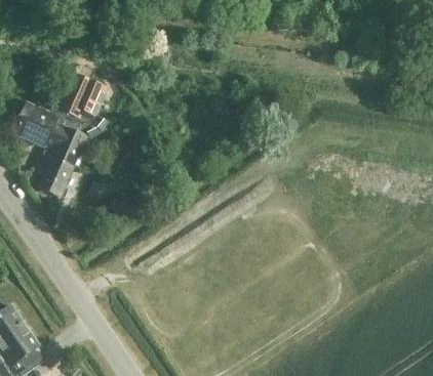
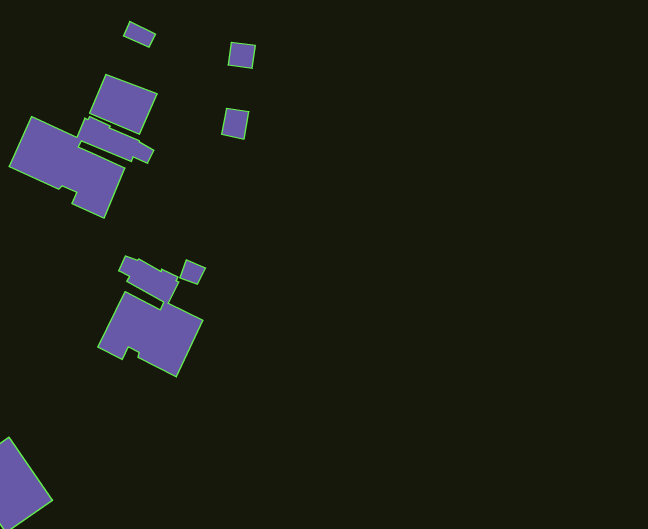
building: [33,154,72,197] -> none
building: none -> [98,256,203,377]

